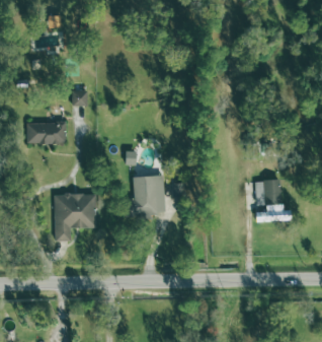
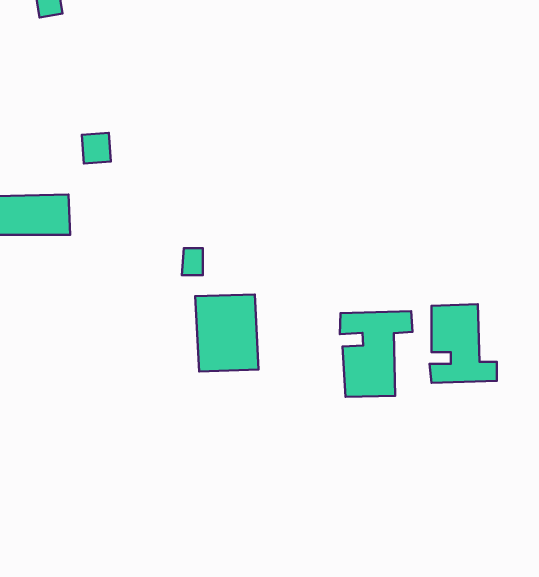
building: none -> [340,311,412,397]
building: [54,194,96,242] -> none

